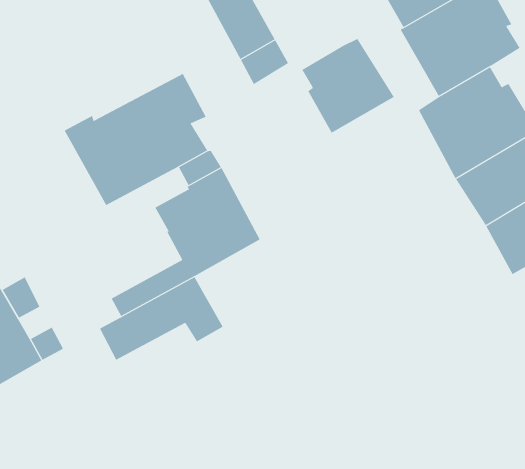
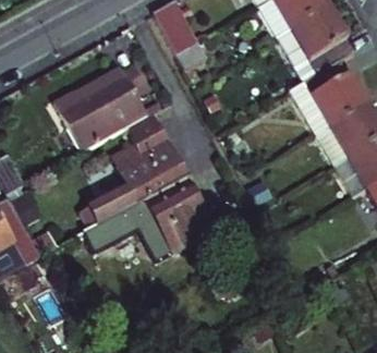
building: [302,38,394,133] -> none
building: none -> [143,173,215,251]

